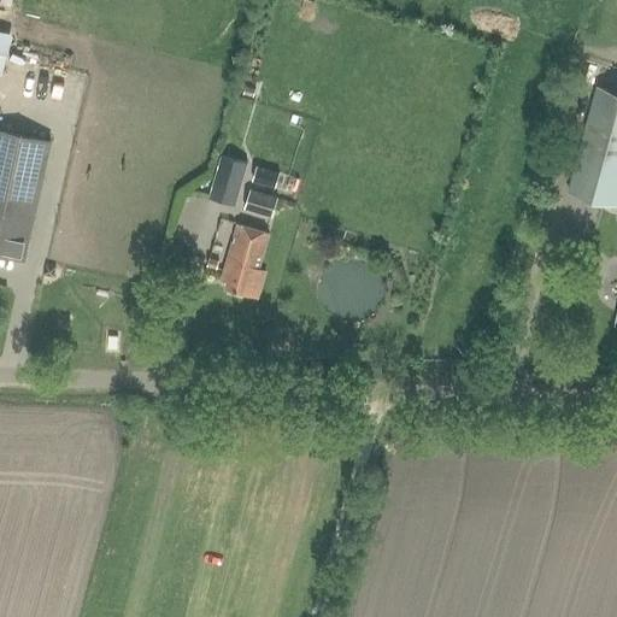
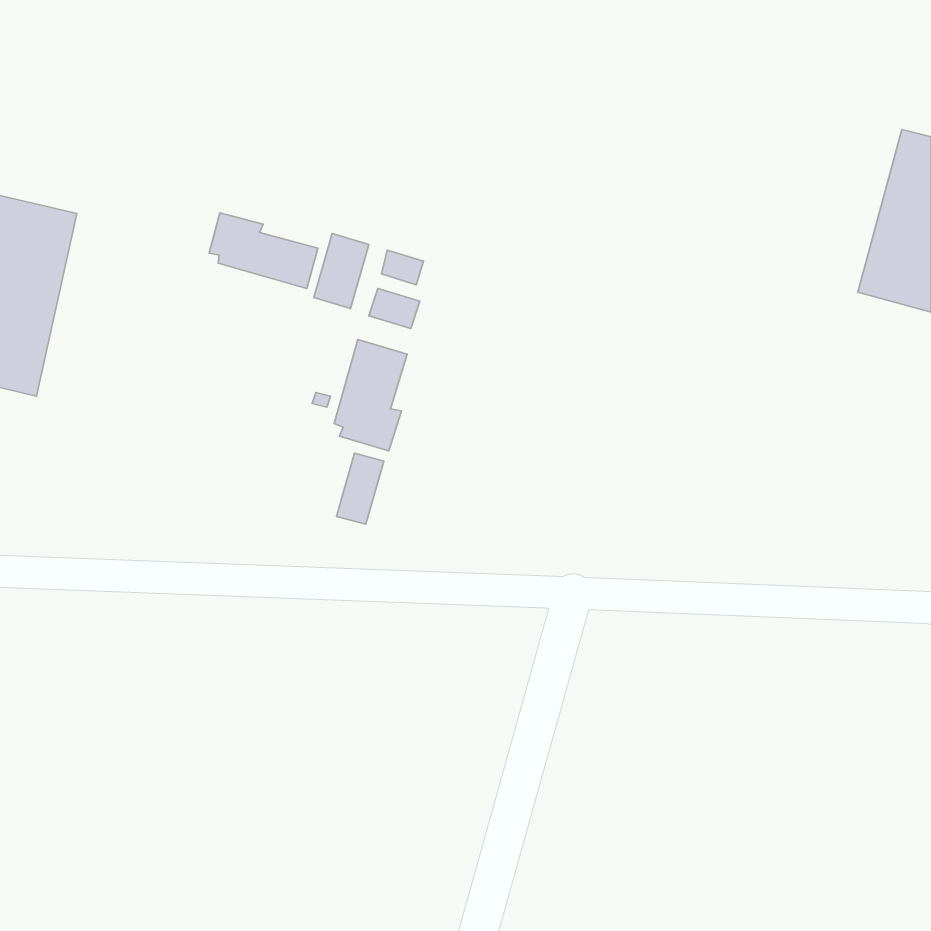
building: none -> [209,213,318,289]
building: none -> [337,453,384,524]

